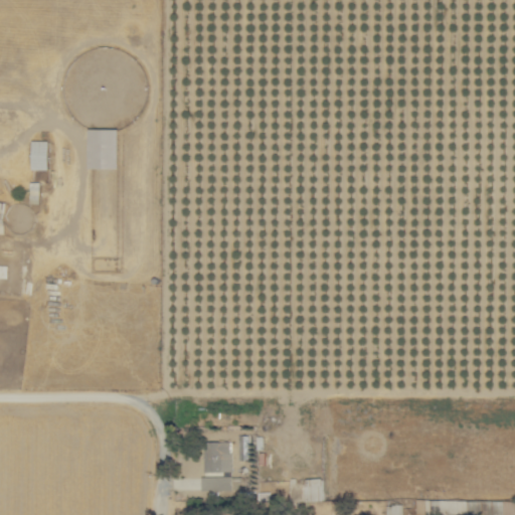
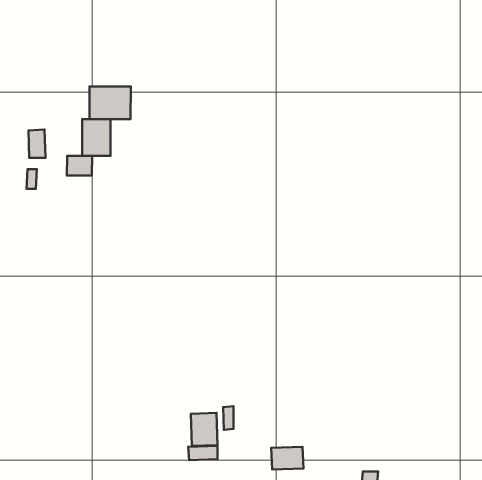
building: none -> [89,86,131,119]
building: none -> [67,156,92,176]

